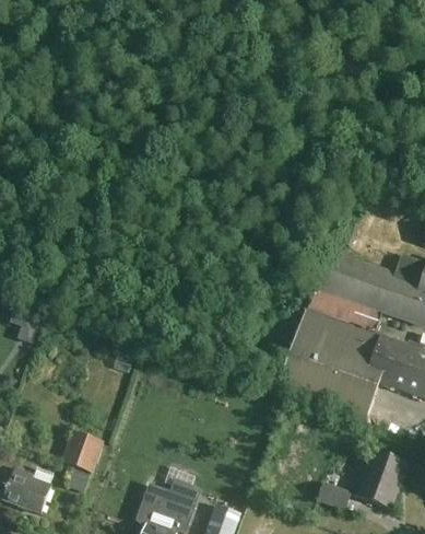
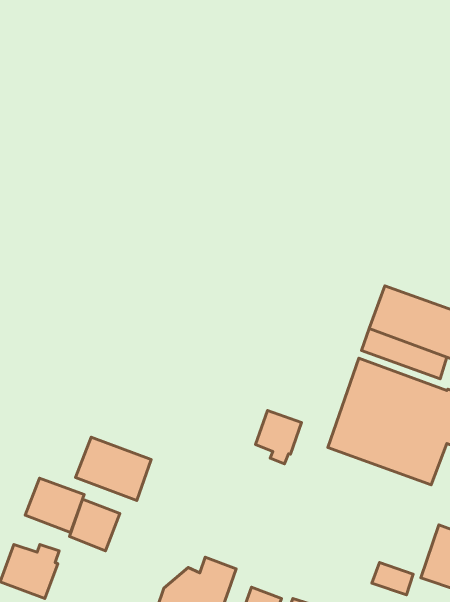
building: none -> [256,411,302,464]
building: none -> [76,437,151,501]
building: none -> [25,478,84,532]

